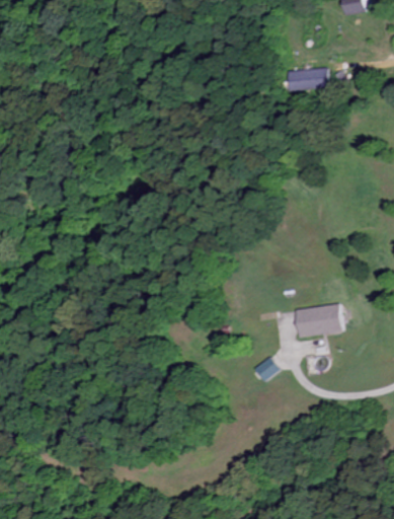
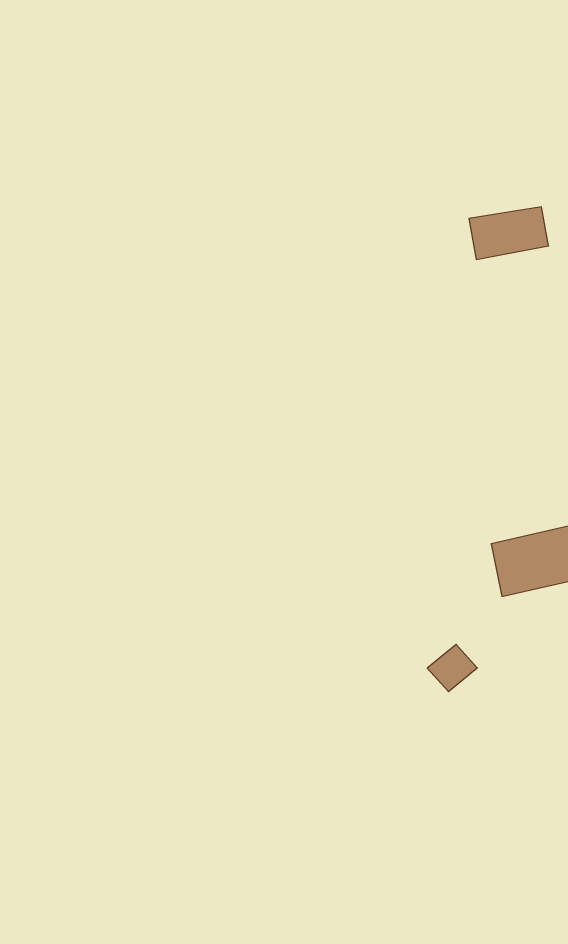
building: [291,69,329,91] -> [469,207,549,259]

